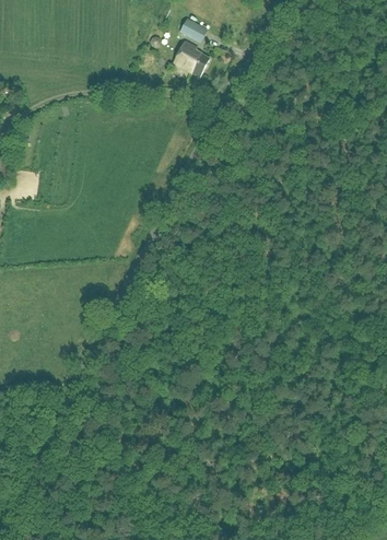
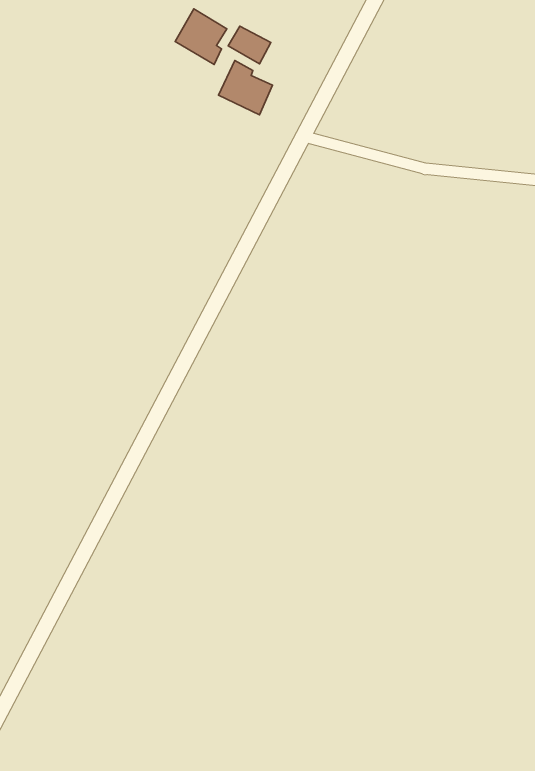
building: none -> [175,9,227,64]

